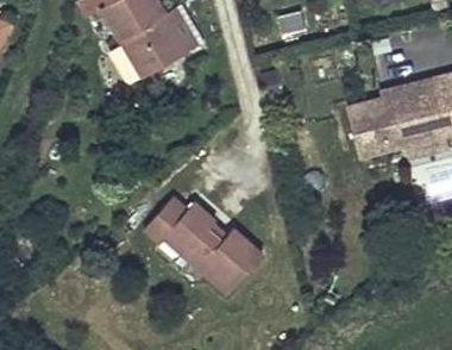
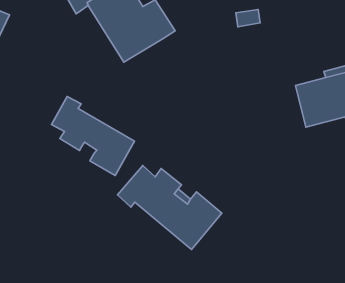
building: none -> [52,96,135,175]

